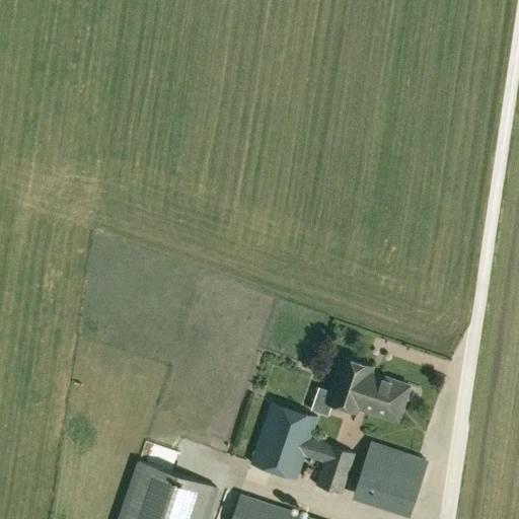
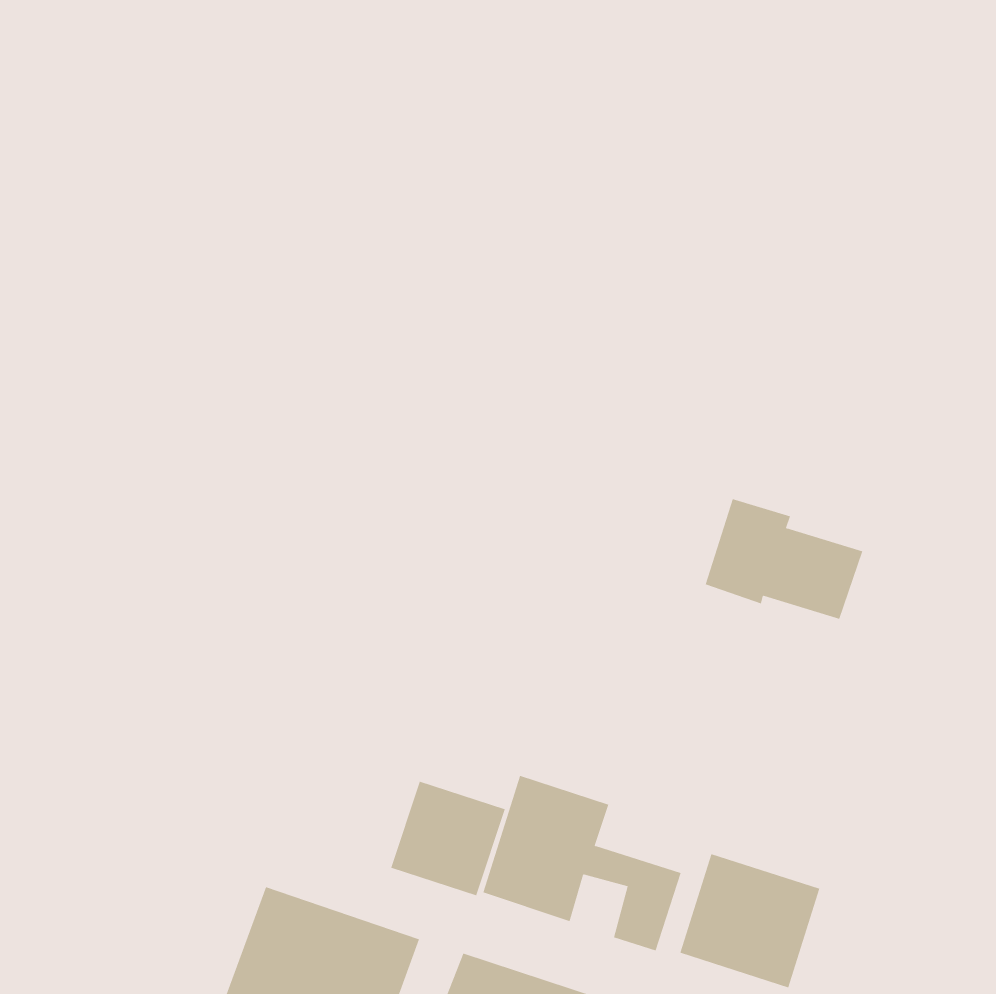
building: [327,359,410,422] -> [705,499,863,620]
building: none -> [390,781,506,896]

